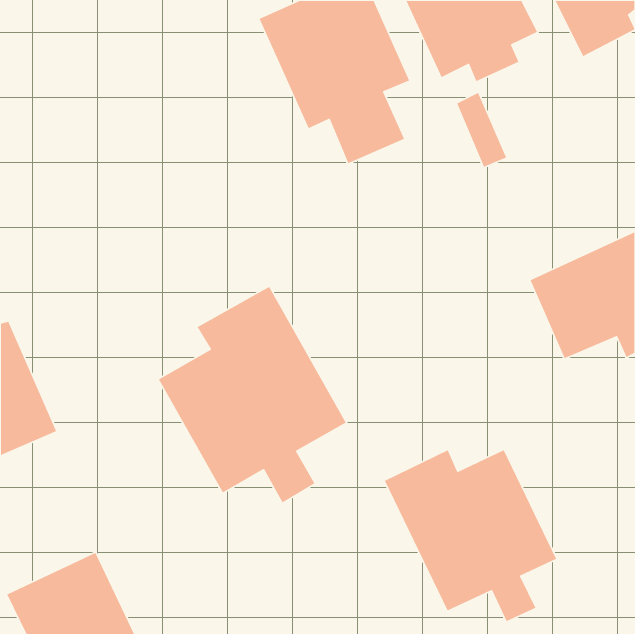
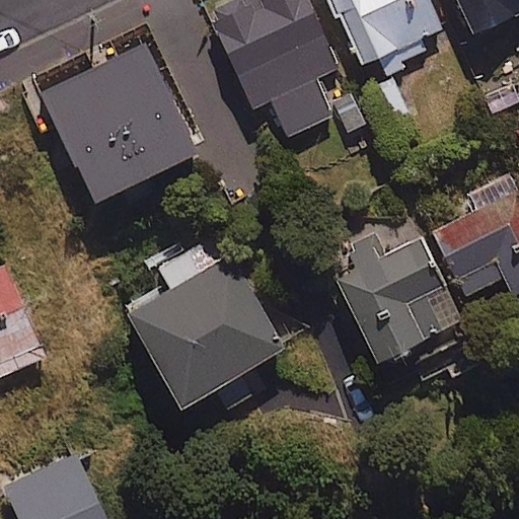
building: none -> [45,41,198,197]
building: none -> [335,232,464,364]
building: [384,449,557,622] -> none

